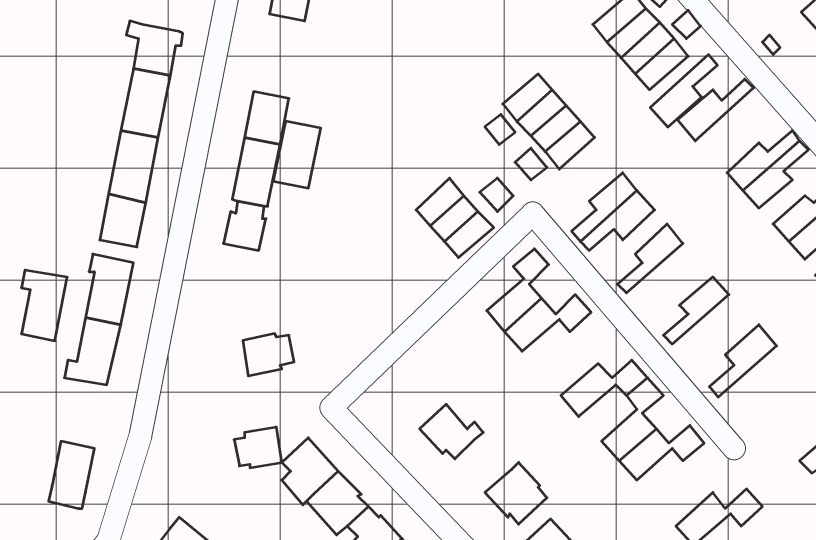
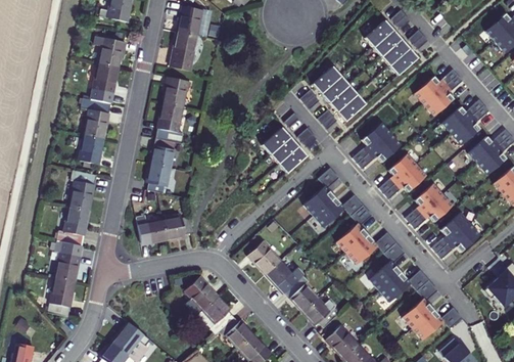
building: [650,55,717,127] -> [423,75,462,117]
building: [273,121,321,188] -> [170,32,197,71]
building: none -> [146,165,171,193]
building: none -> [383,165,426,199]
building: [21,270,67,341] -> [56,242,83,283]
building: none -> [410,194,453,229]
building: none -> [335,205,372,253]
building: none -> [436,224,480,259]
building: none -> [246,239,279,272]
building: [234,427,282,468] -> [137,221,165,244]
building: none -> [284,274,317,309]
building: none -> [402,280,437,328]

